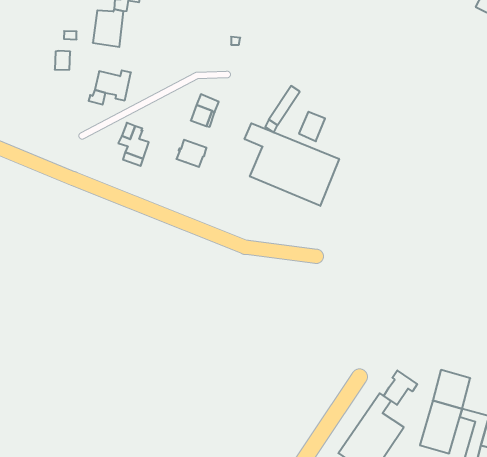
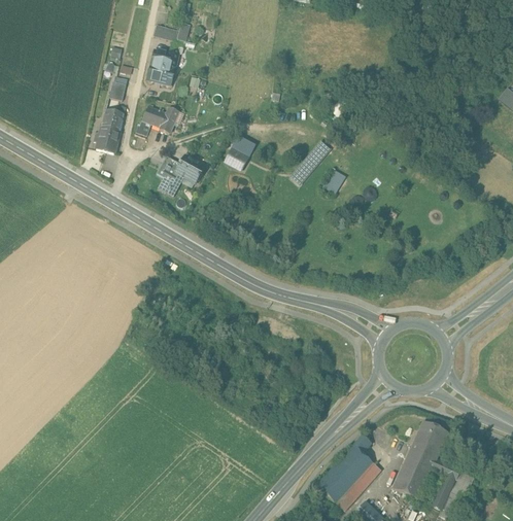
building: none -> [96,110,124,153]
building: [245,123,339,206] -> none
building: [176,140,207,167] -> [176,155,205,182]
building: [384,370,417,405] -> none

